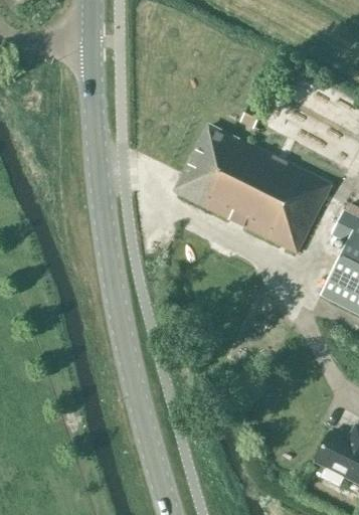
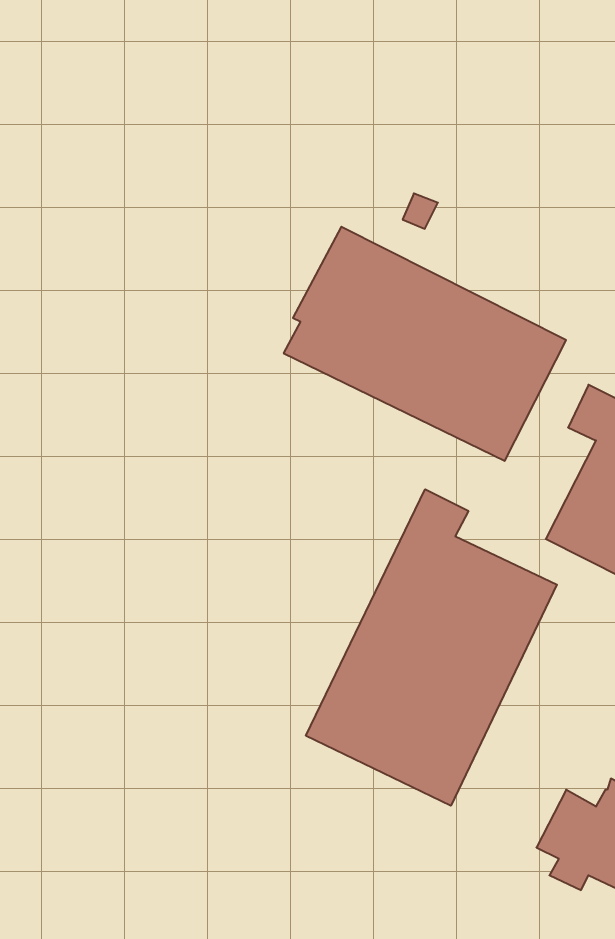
building: none -> [306,489,557,806]

